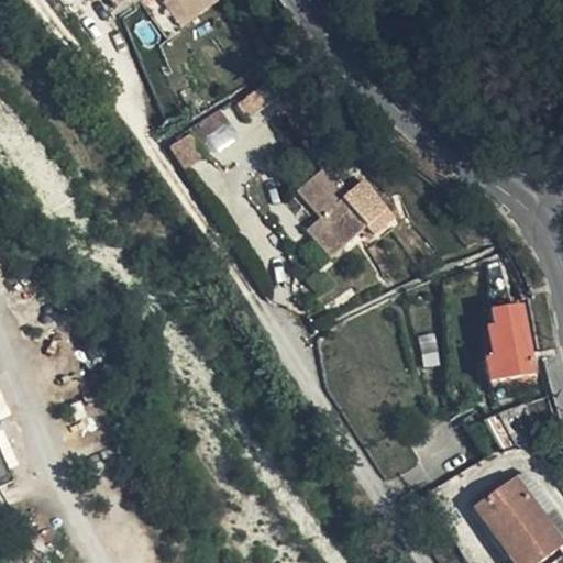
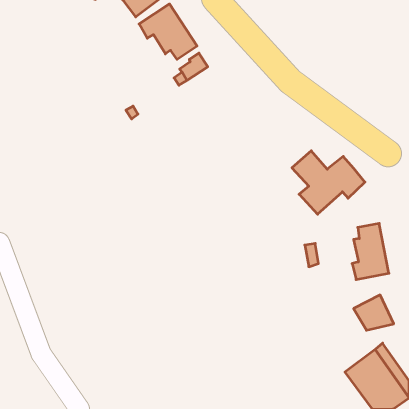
building: none -> [139,4,197,59]
building: [296,168,396,255] -> [292,151,365,214]

